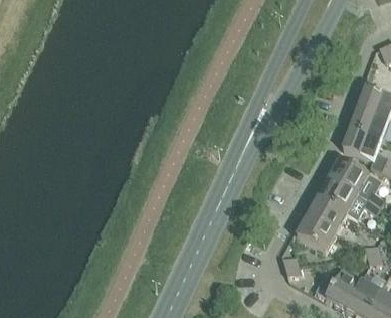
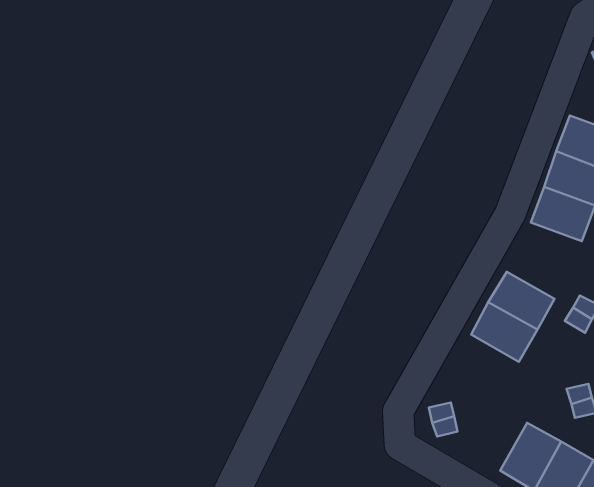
building: [328,157,367,193] -> none
building: [296,214,335,251] -> none

